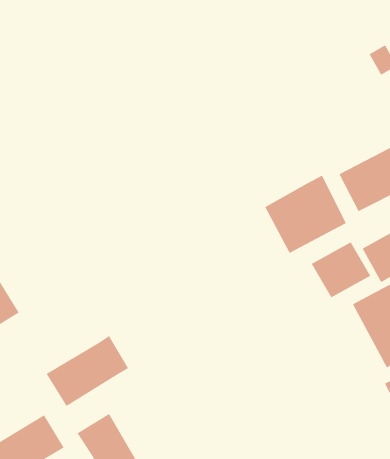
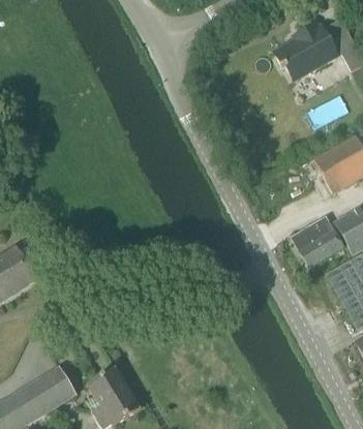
building: none -> [273,23,337,80]
building: [265,175,347,253] -> none
building: [46,335,129,407] -> none

